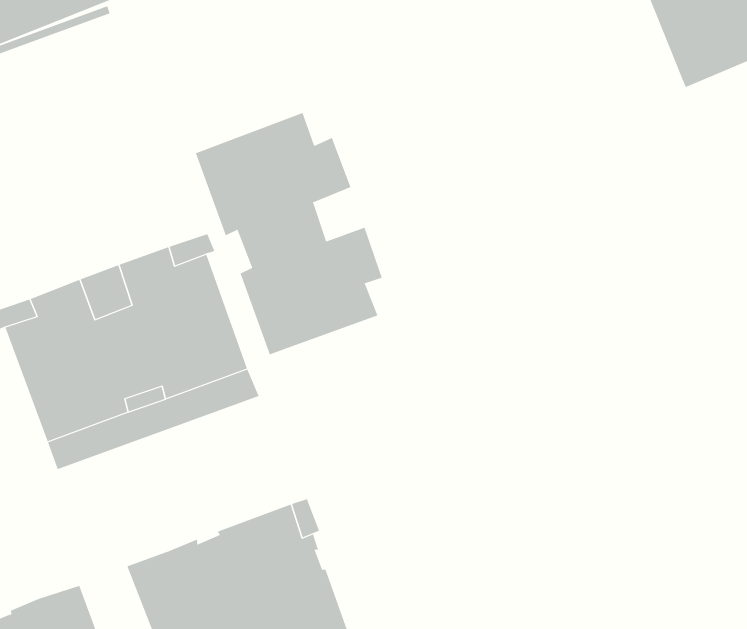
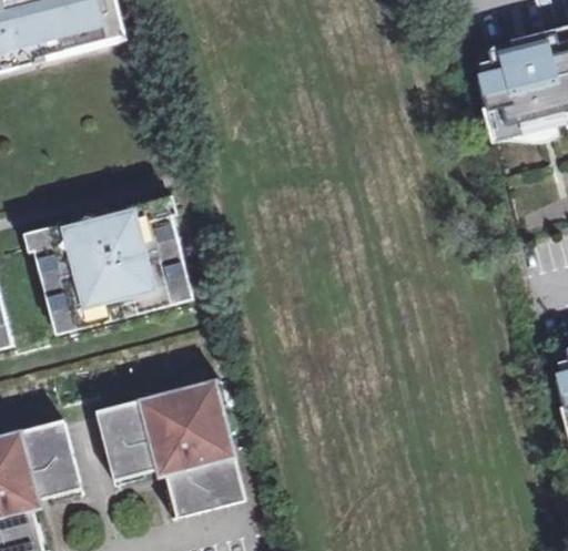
building: [195,112,383,355] -> none

